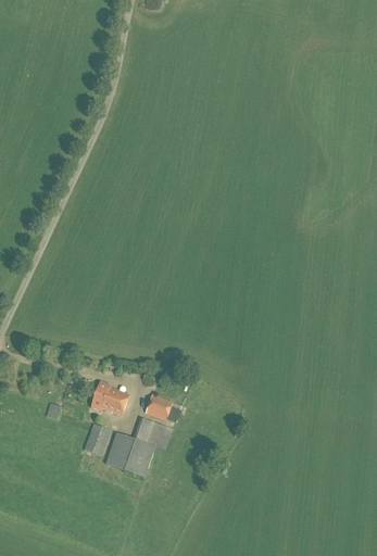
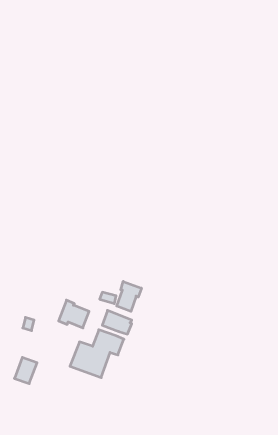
building: none -> [117,281,141,311]
building: [84,422,112,455] -> [14,357,37,384]

